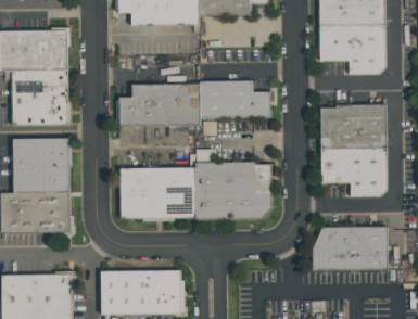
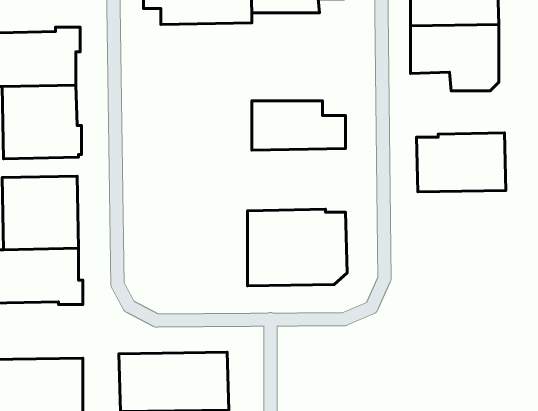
building: [116,85,199,126] -> none
building: [324,149,390,200] -> none
building: [119,167,195,219] -> none
building: [312,226,387,268] -> none

